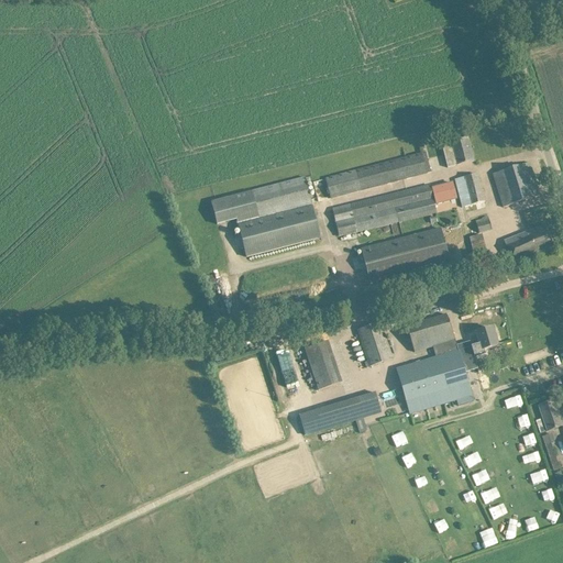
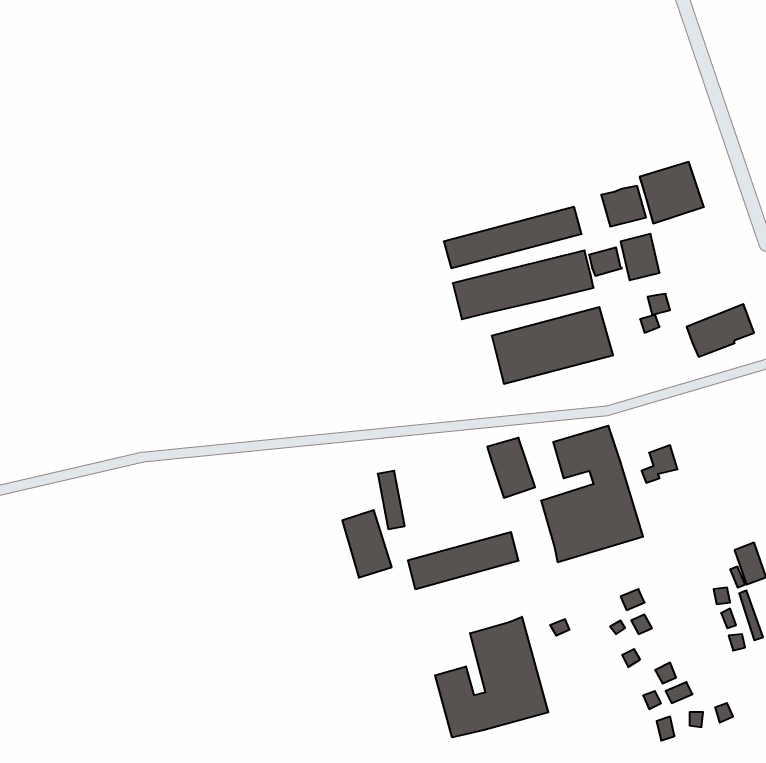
building: [493,161,540,206] -> [640,162,704,223]
building: [211,175,320,255] -> none
building: [305,340,341,389] -> [342,510,392,578]
building: none -> [435,617,548,737]

